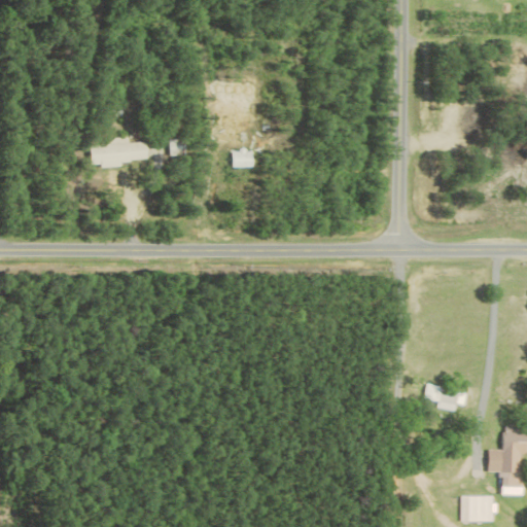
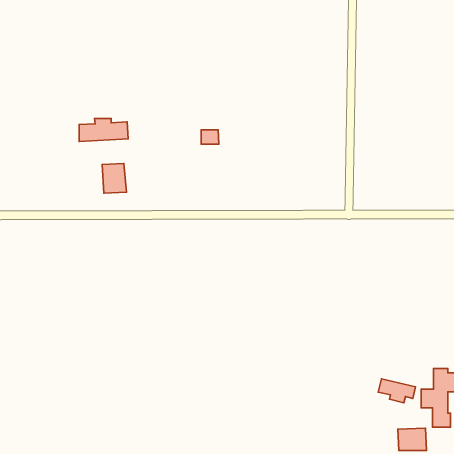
building: none -> [102,164,126,193]
building: [424,384,467,412] -> [378,379,415,403]

